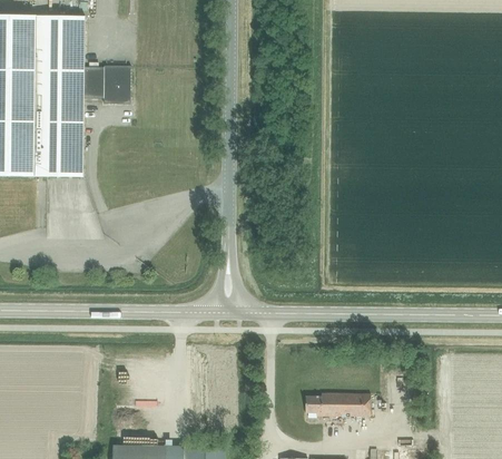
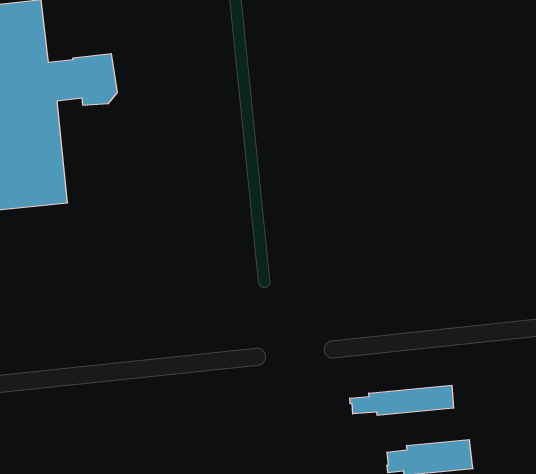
building: none -> [350,385,453,415]

